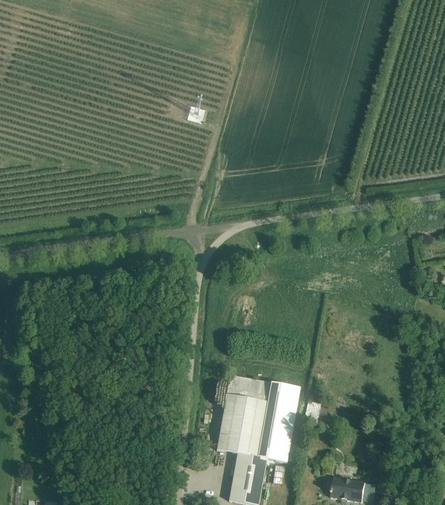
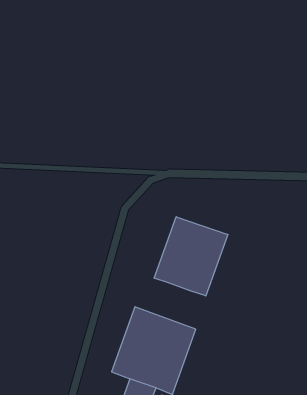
building: none -> [154,217,228,296]

